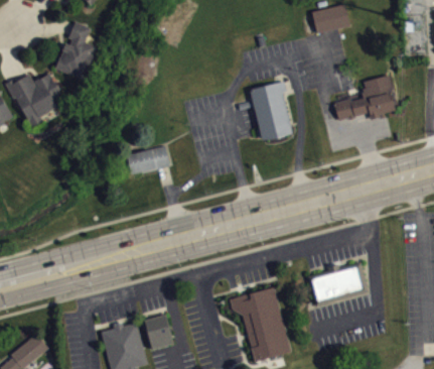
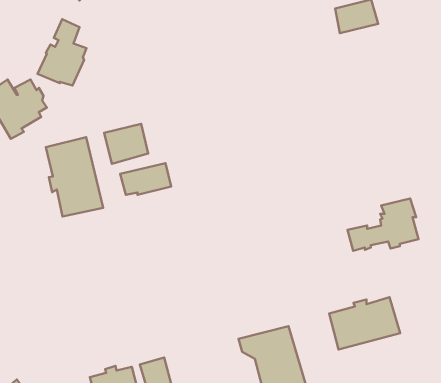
building: [333,76,395,121] -> [347,199,418,251]
building: [249,81,291,140] -> none
building: none -> [104,124,148,164]
building: none -> [46,137,103,217]

